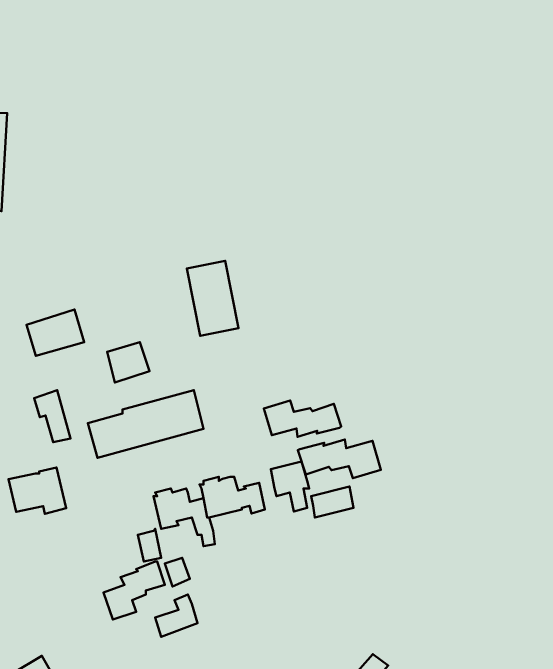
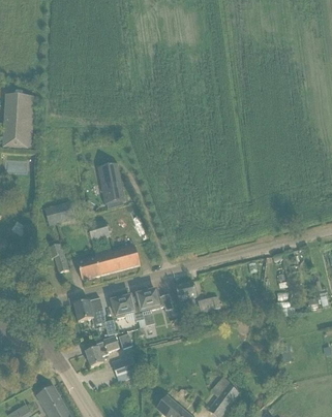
building: [187,261,239,336] -> [96,163,124,203]
building: [264,400,341,437] -> none
building: [298,439,381,478] -> none
building: [8,468,66,514] -> [73,297,104,322]

